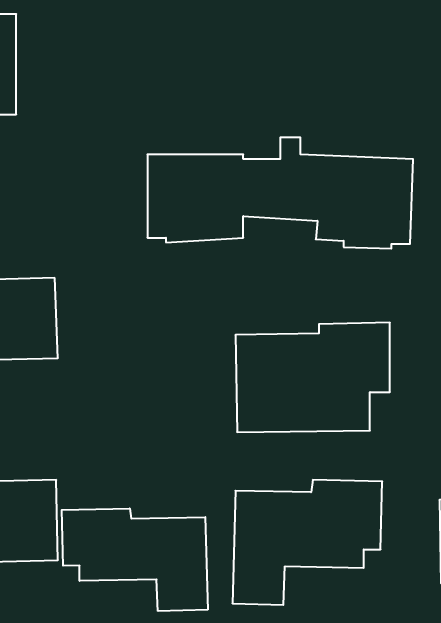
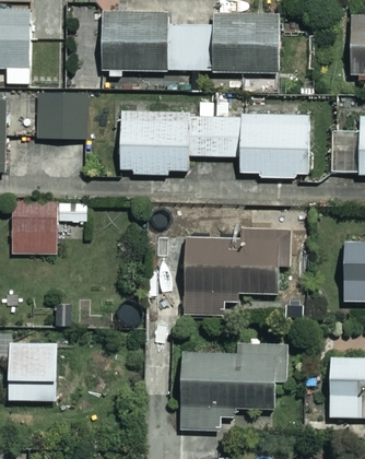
building: none -> [101,14,280,71]
building: none -> [38,93,86,137]
building: [62,508,208,611] -> none

